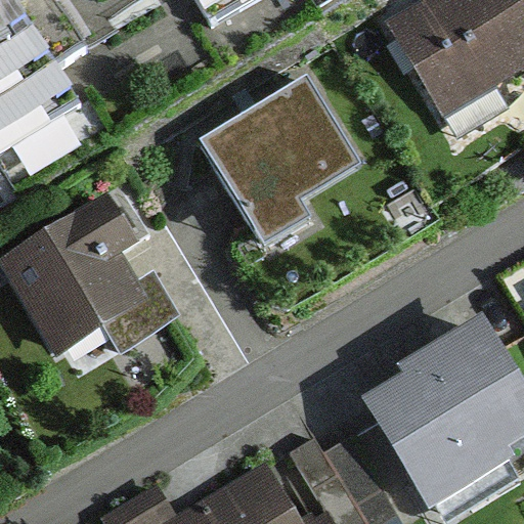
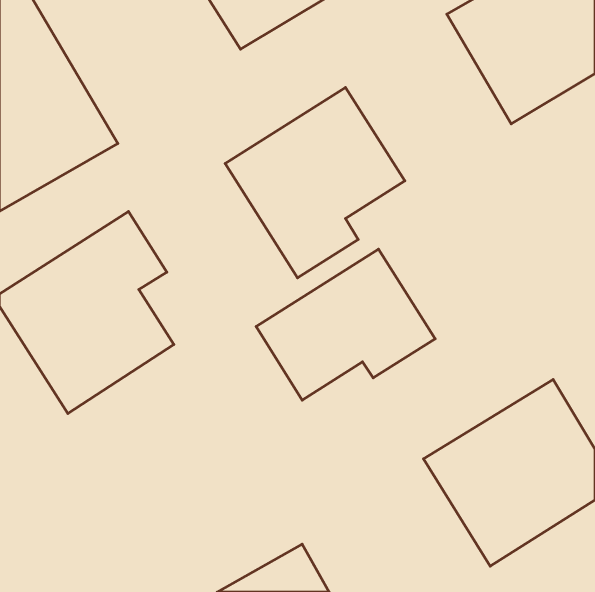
building: none -> [256,249,435,400]

